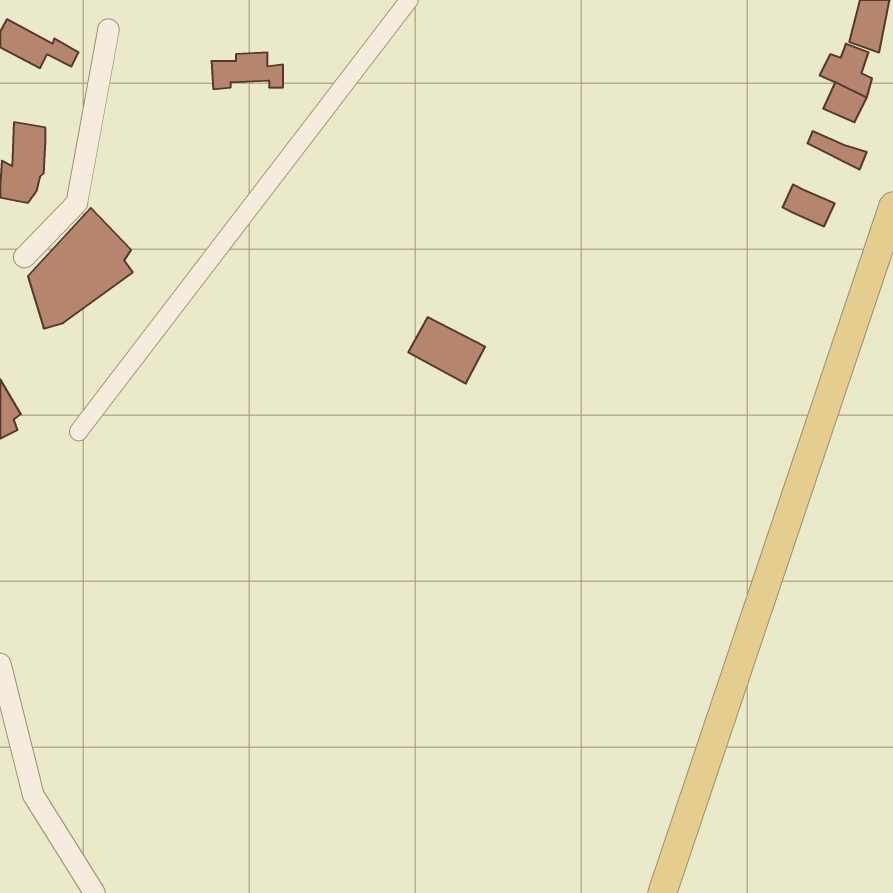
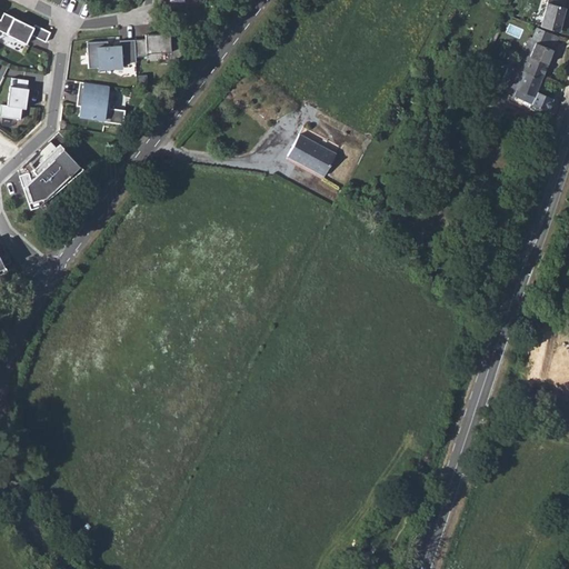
building: none -> [87,39,136,68]
building: none -> [77,82,124,124]
building: [782,184,835,226] -> [510,66,543,92]
building: [408,317,485,384] -> [287,134,336,177]

